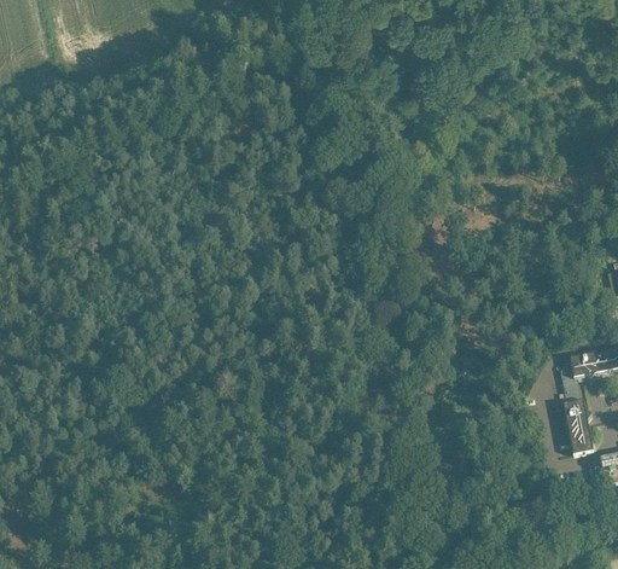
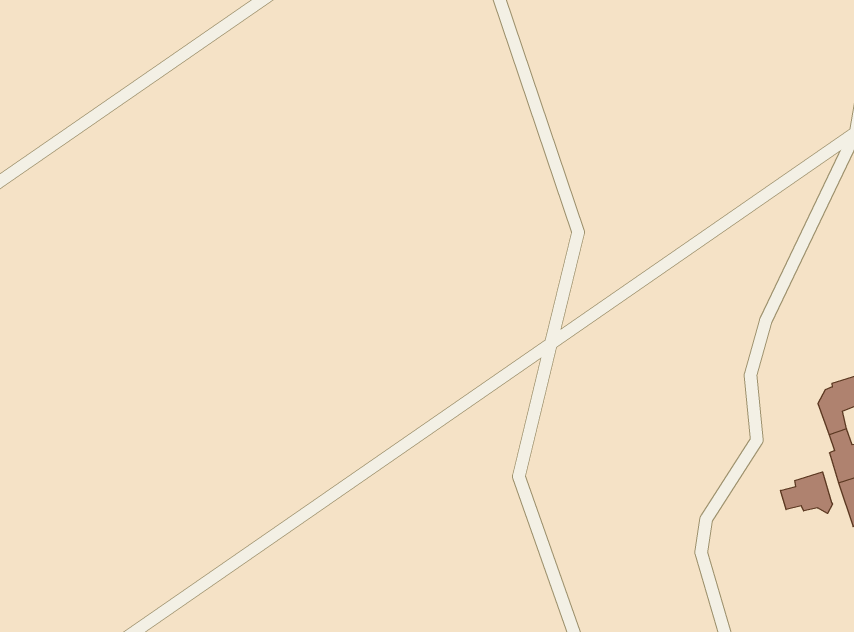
building: none -> [781,472,832,513]

